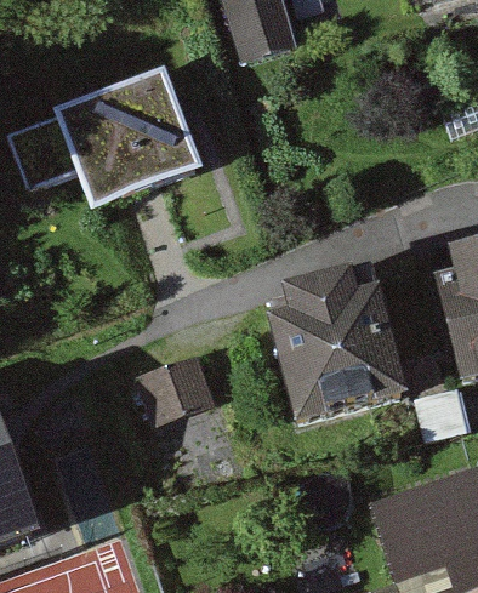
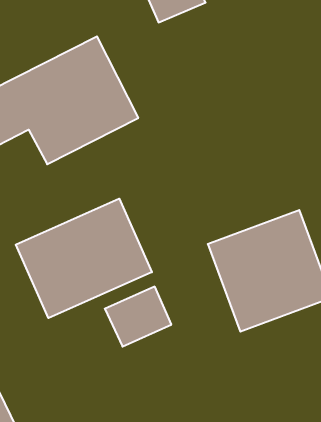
building: none -> [16,199,152,318]

